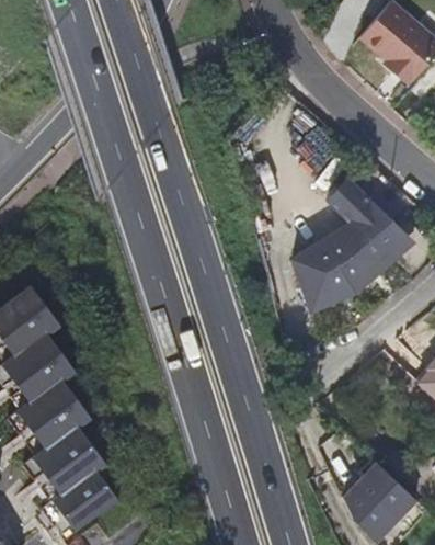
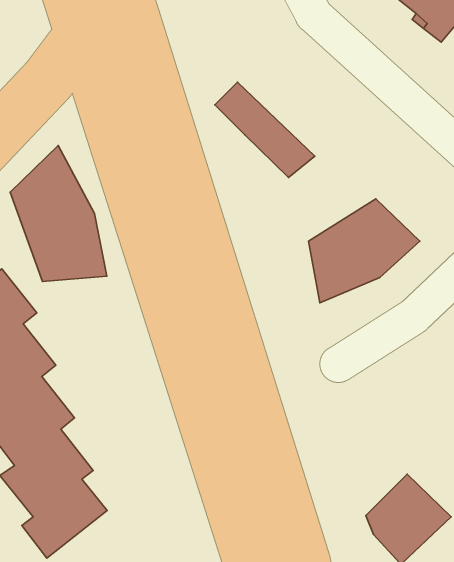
building: none -> [10,146,107,281]
building: [329,177,416,260] -> [215,82,315,177]

